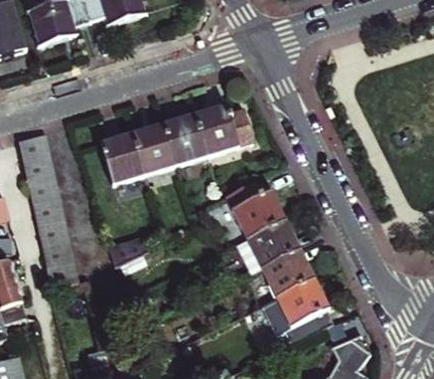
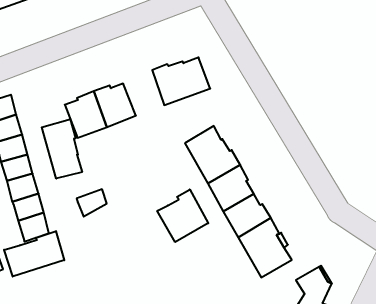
building: [164,117,205,163] -> none
building: none -> [42,119,82,179]
building: none -> [157,189,208,242]
building: none -> [4,231,64,277]

